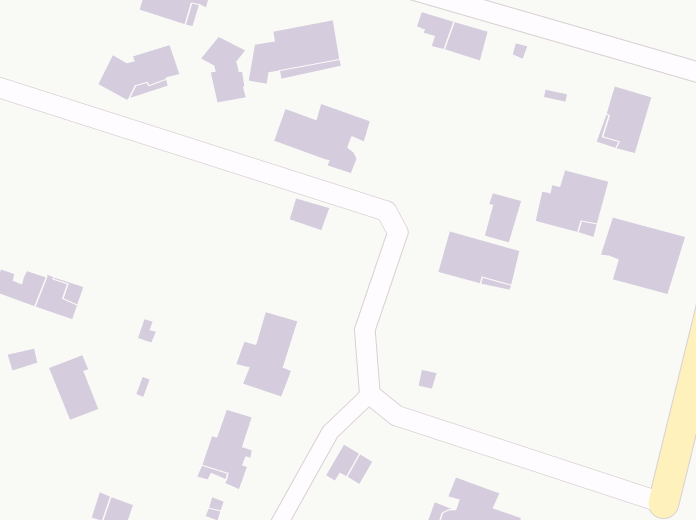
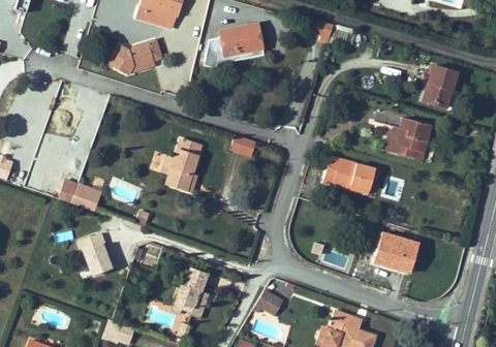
building: [200,36,247,103] -> none
building: [273,103,371,174] -> none
building: [484,193,522,243] -> none
building: [600,217,686,295] -> none
building: [236,311,298,397] -> [162,138,202,192]
building: none -> [373,232,420,273]

